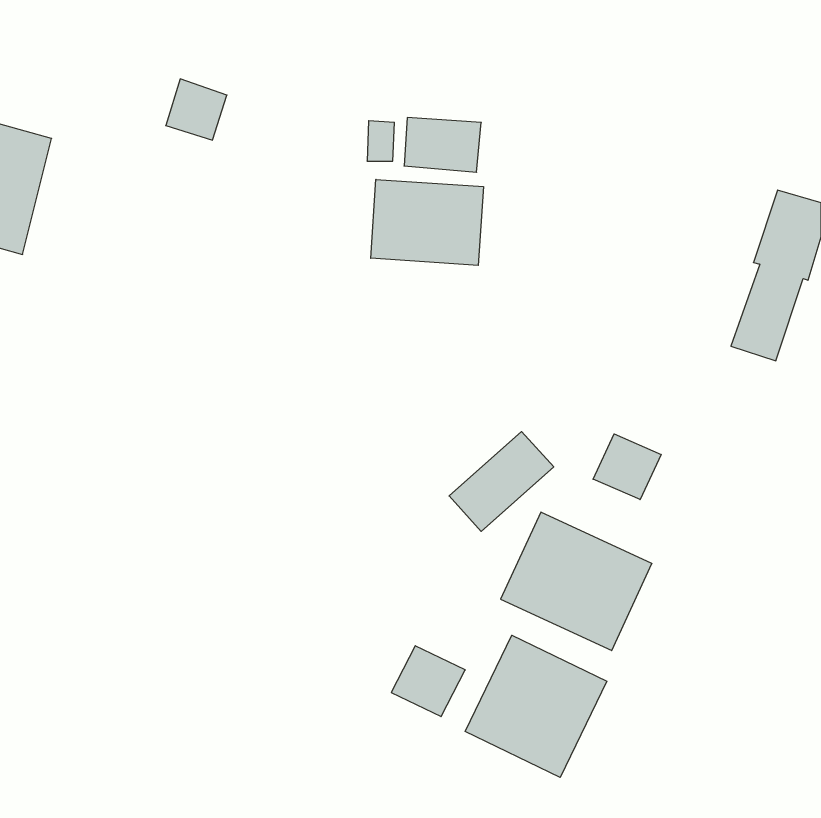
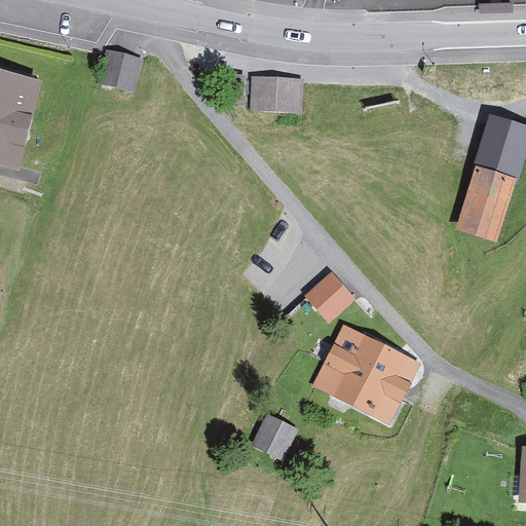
building: [371,179,483,265] -> none
building: [593,434,661,500] -> none
building: [465,635,607,777] -> none

